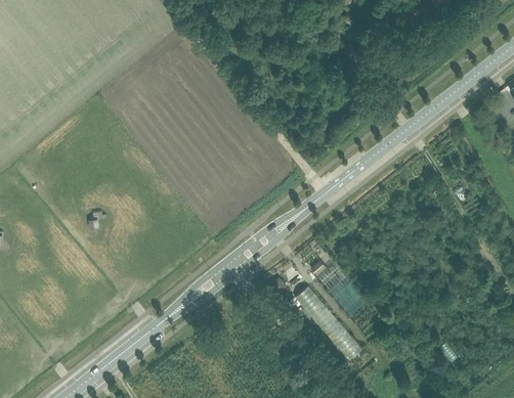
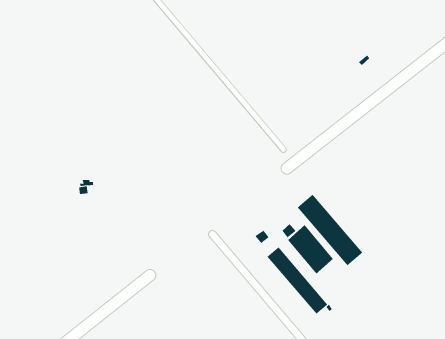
building: none -> [297,194,363,266]

